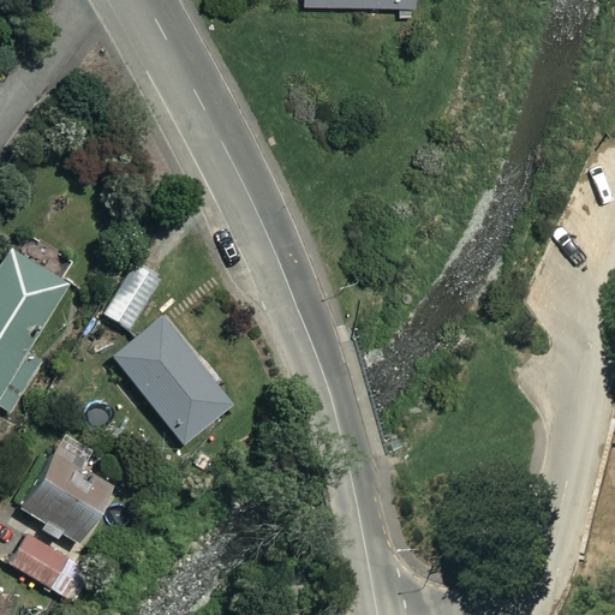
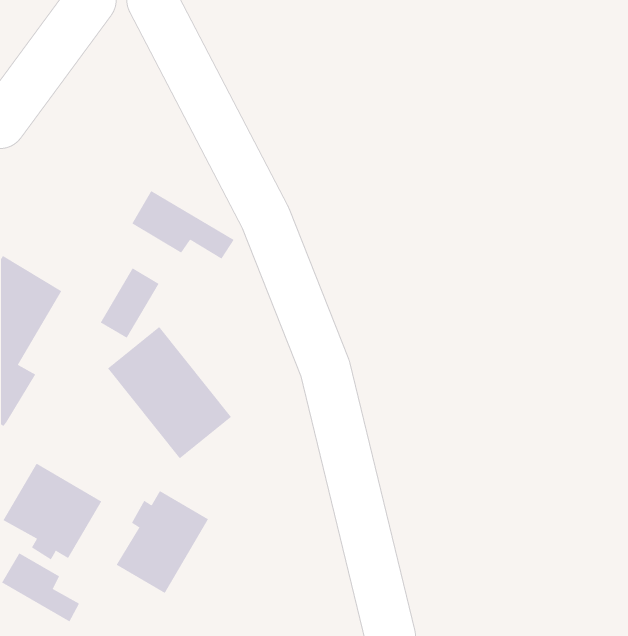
building: none -> [131,190,235,260]
building: none -> [116,490,209,594]

